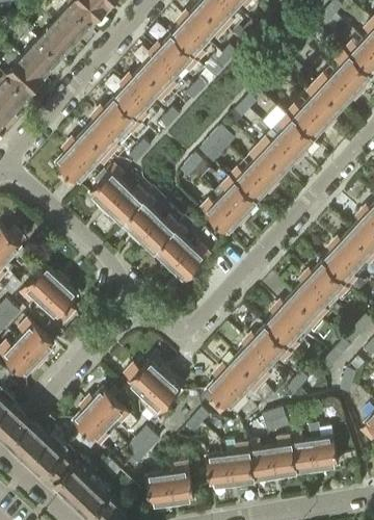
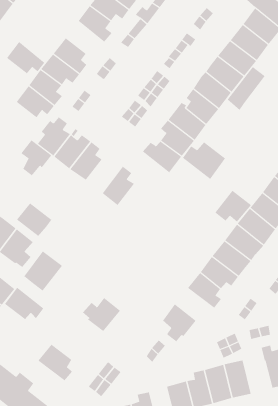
building: [127,69,167,104] -> [6,41,45,74]
building: none -> [227,66,265,111]
building: [57,149,90,187] -> [20,139,52,176]
building: none -> [182,142,226,180]
building: [137,216,177,252] -> none
building: [168,244,210,281] -> none
building: none -> [16,202,52,237]
building: none -> [214,190,252,223]
building: none -> [23,251,63,291]
building: [220,358,262,398] -> none
building: [143,376,180,418] -> none
building: [87,389,129,424] -> [4,287,44,320]
building: [288,435,316,474] -> none

